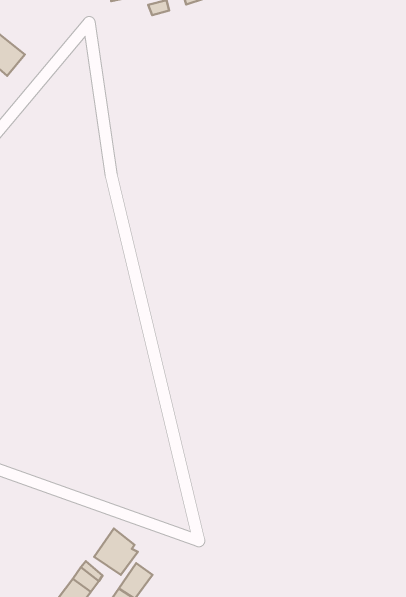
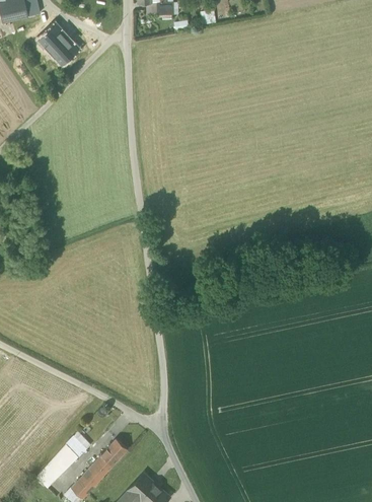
building: [94,529,138,575] -> none

